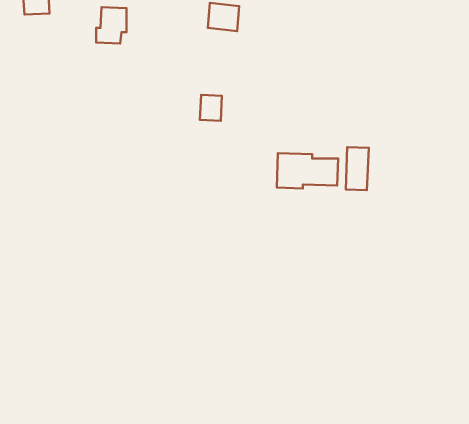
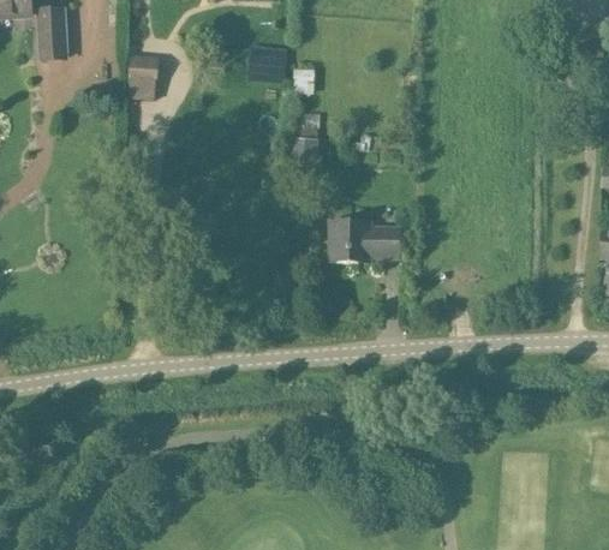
building: [200,95,222,121] -> [292,137,317,167]
building: [346,147,369,190] -> none

